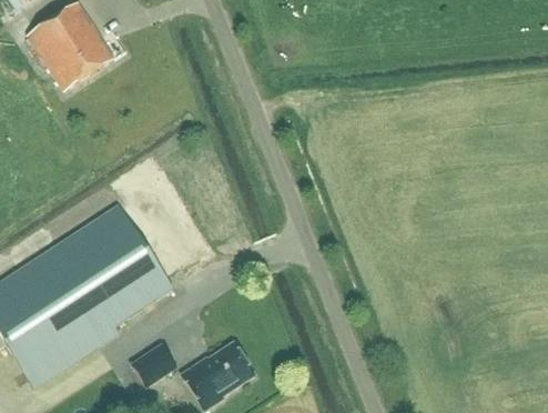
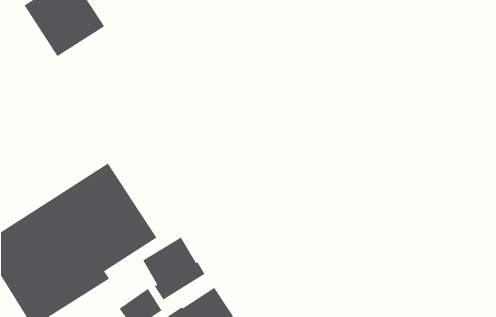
building: none -> [142,236,205,301]

